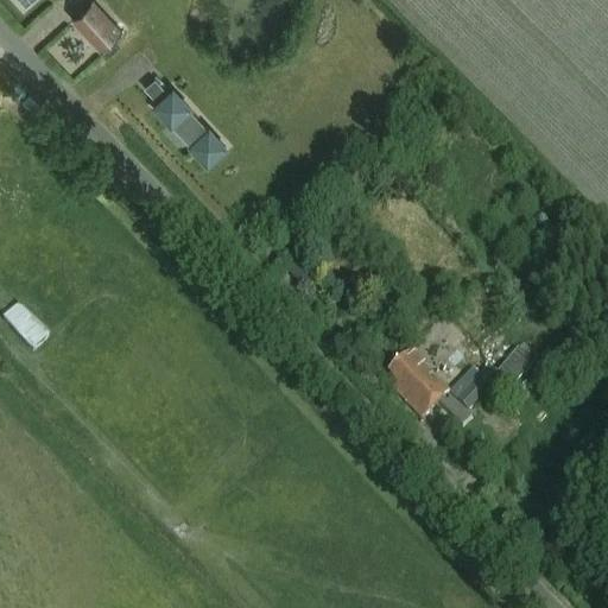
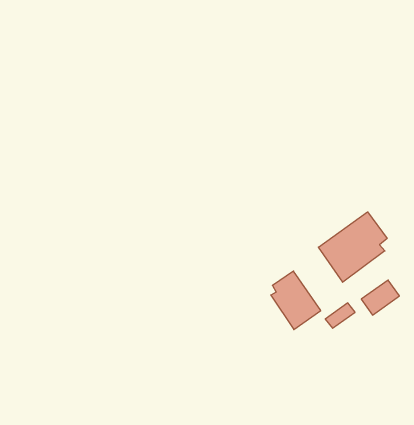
building: [151,87,222,162] -> none
building: none -> [318,212,387,282]

